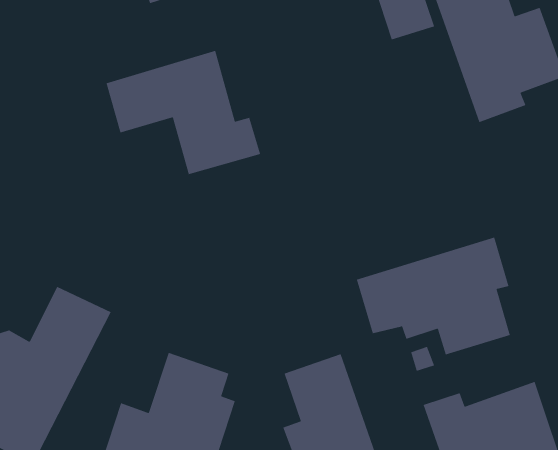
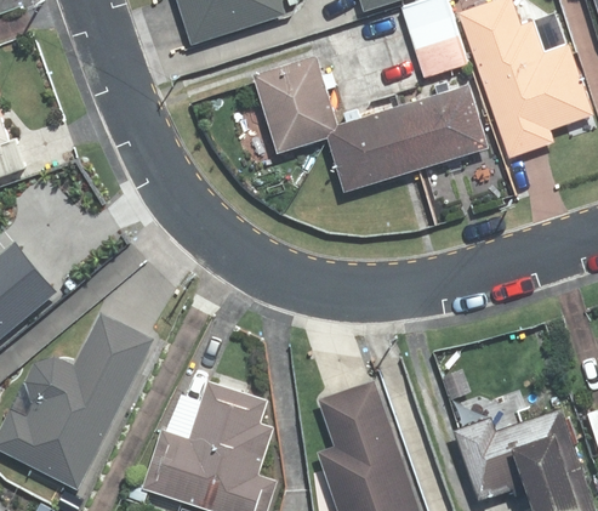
building: none -> [254,56,490,191]
building: [105,50,261,175] -> none
building: [356,236,511,355] -> none

